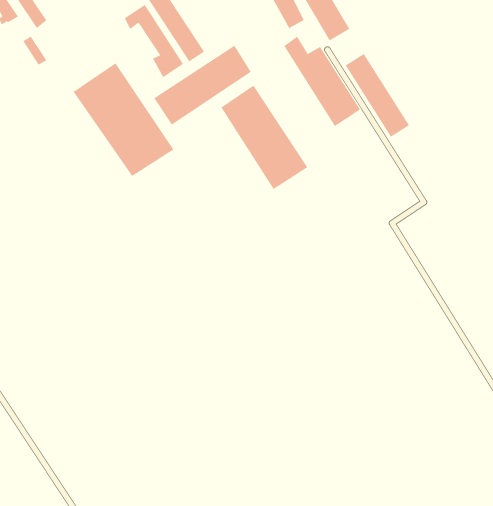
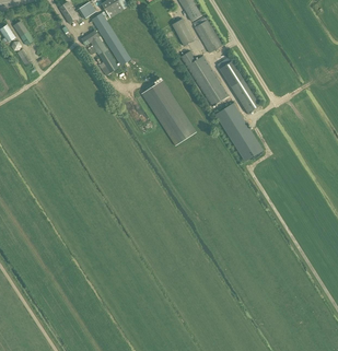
building: [153,45,251,125] -> none
building: [73,62,174,177] -> none
building: none -> [214,102,263,161]

